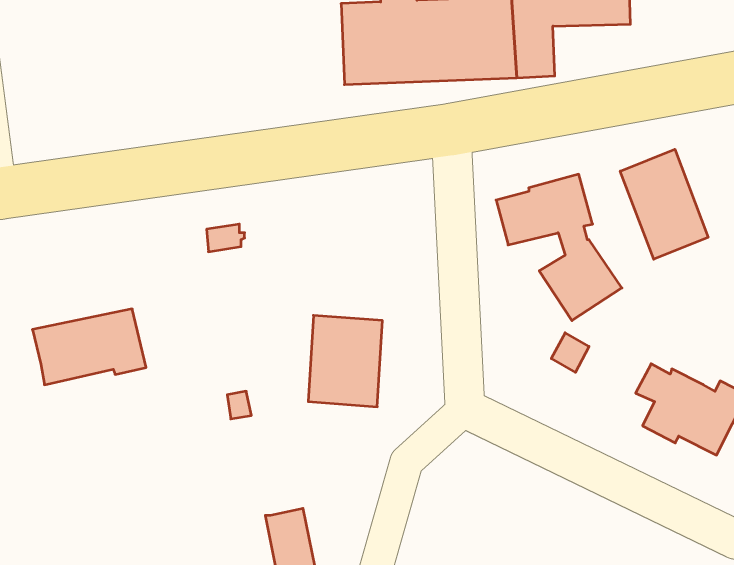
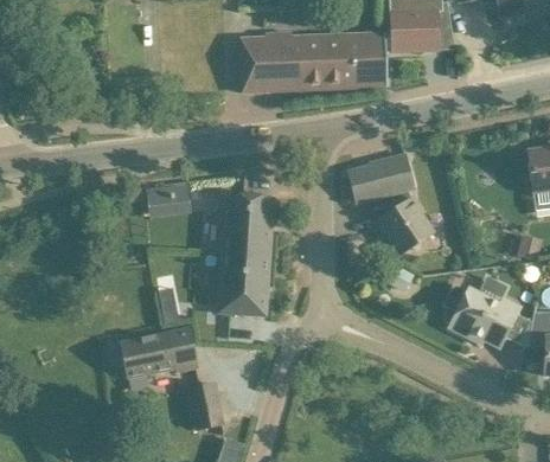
building: [620,149,708,259] -> none
building: none -> [222,192,274,255]
building: [32,309,146,385] -> [120,327,198,379]

